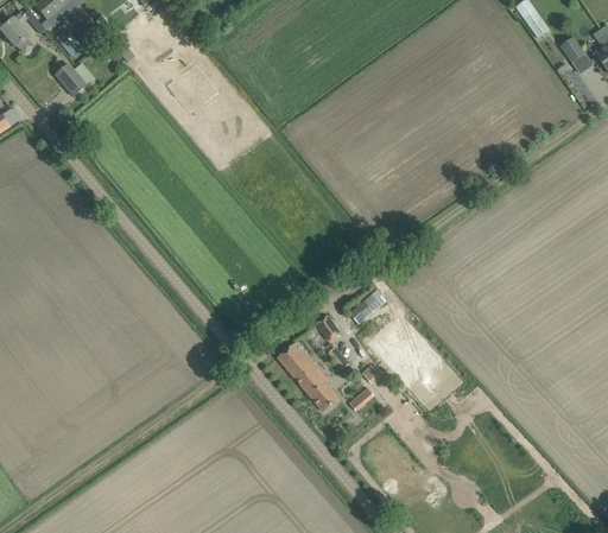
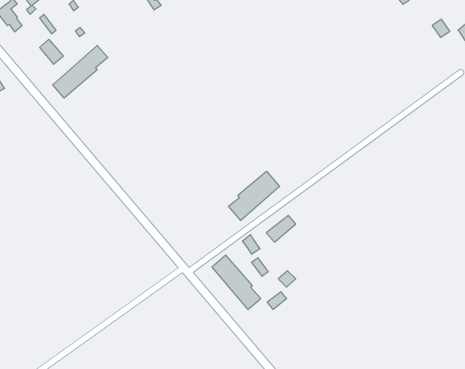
building: none -> [53,45,108,98]
building: none -> [229,171,280,220]

